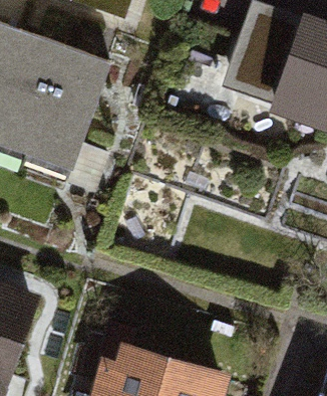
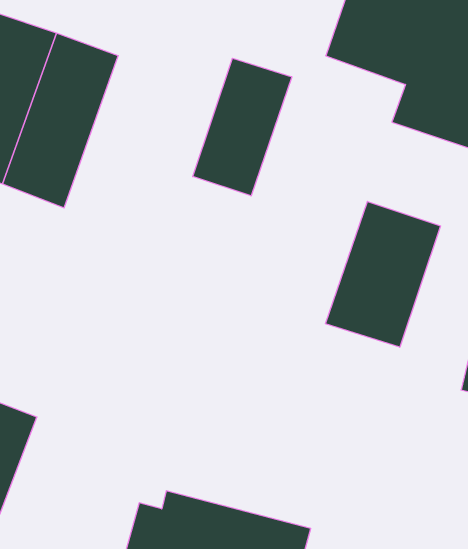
building: none -> [193,58,292,196]
building: none -> [326,201,441,347]

